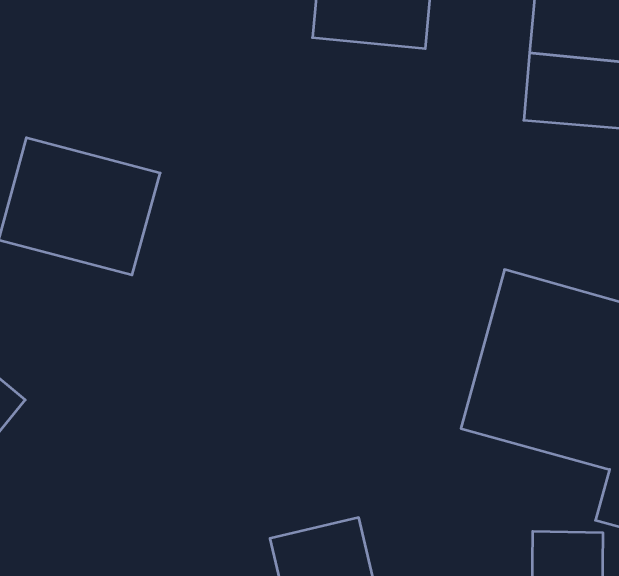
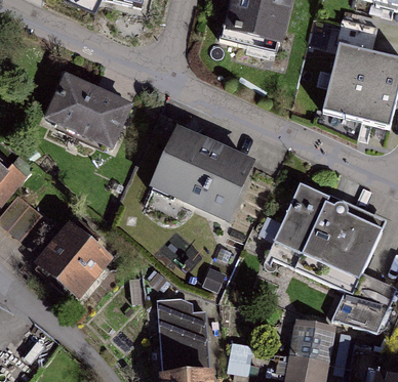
building: none -> [155,131,254,222]
building: none -> [31,222,114,305]

